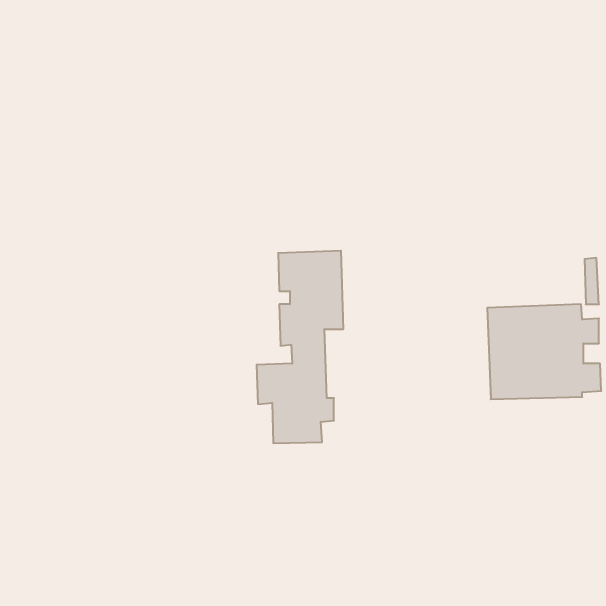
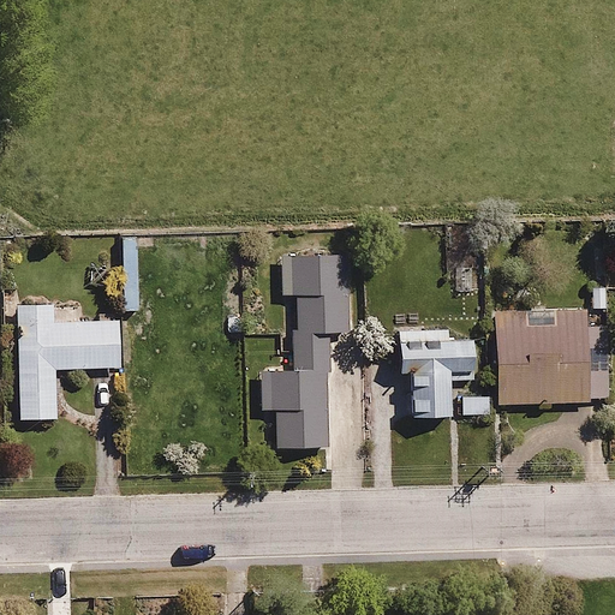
building: none -> [16,304,121,419]
building: none -> [395,327,473,414]

